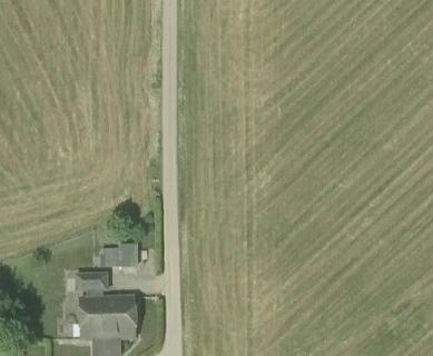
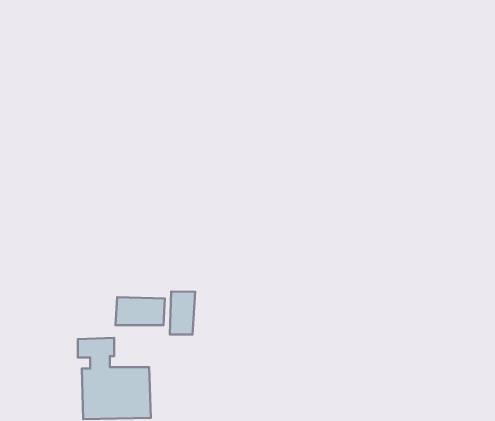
building: none -> [170,292,195,334]

